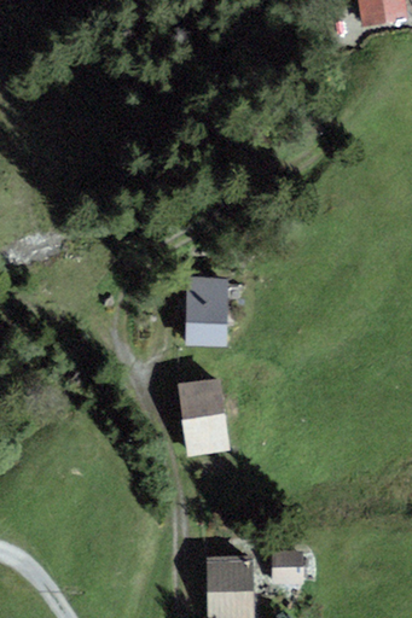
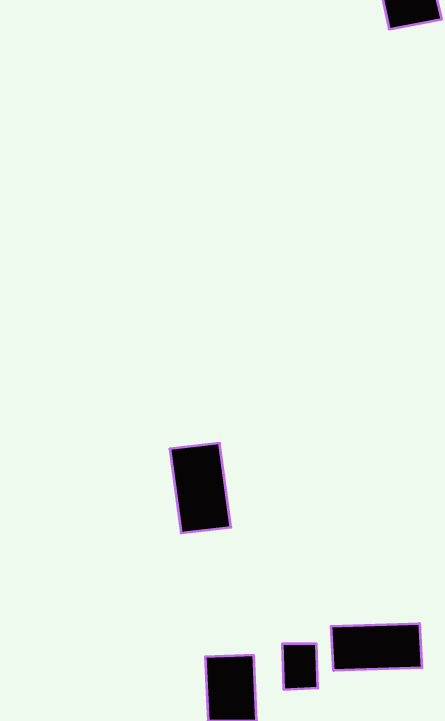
building: [186,276,227,346] -> none
building: none -> [331,623,422,671]

